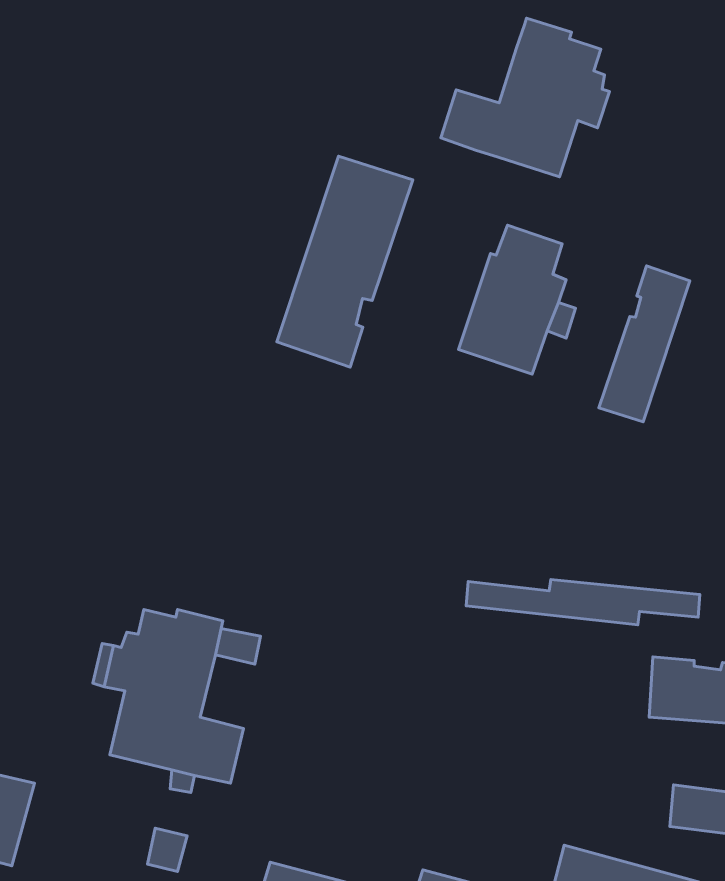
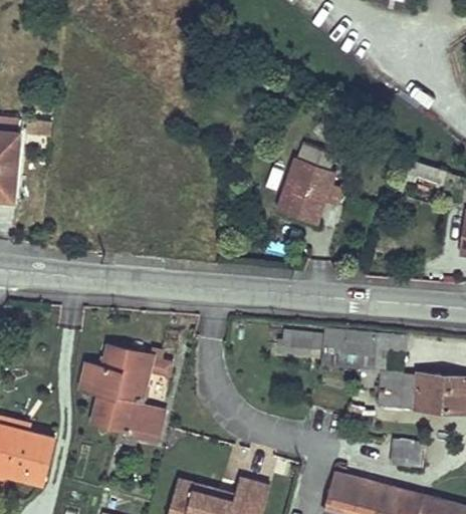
building: [441,18,610,177] -> none
building: [277,156,413,367] -> none
building: [599,266,690,422] -> none

